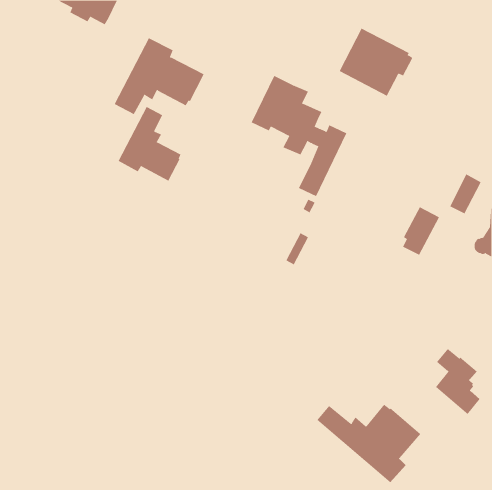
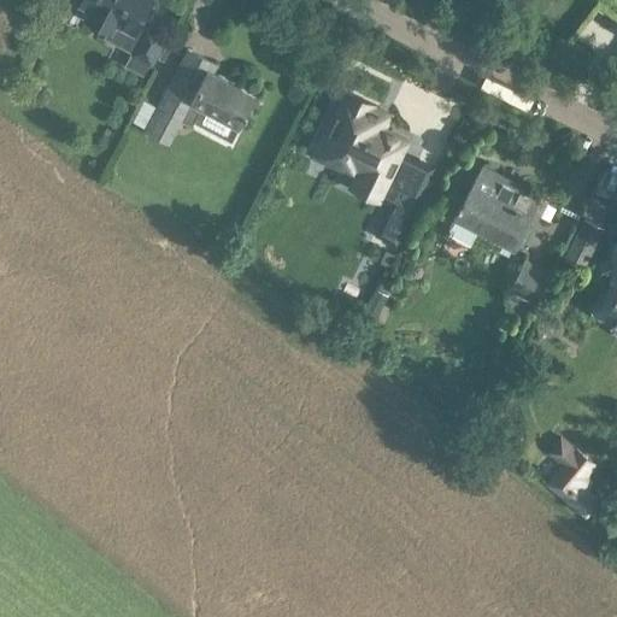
building: none -> [124,29,161,75]
building: [339,28,413,96] -> [453,168,546,253]
building: [118,106,181,181] -> none
building: [316,404,421,483] -> none

